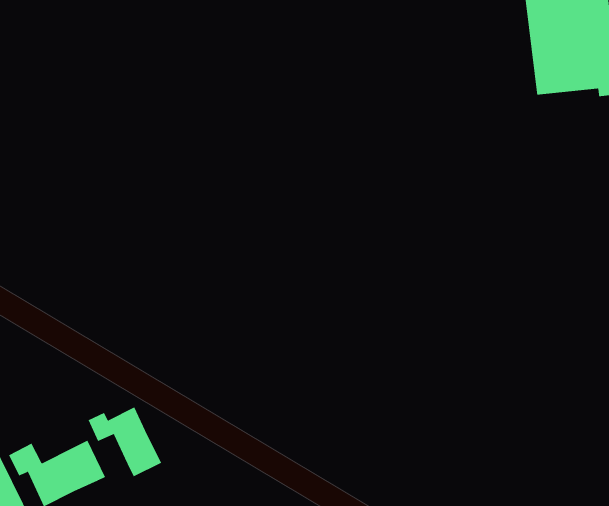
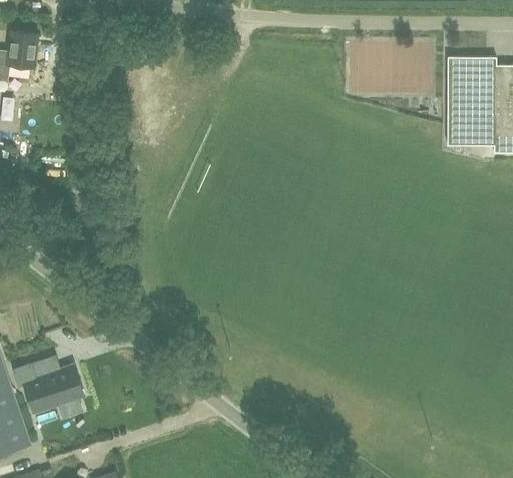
building: [88,407,162,477] -> none

